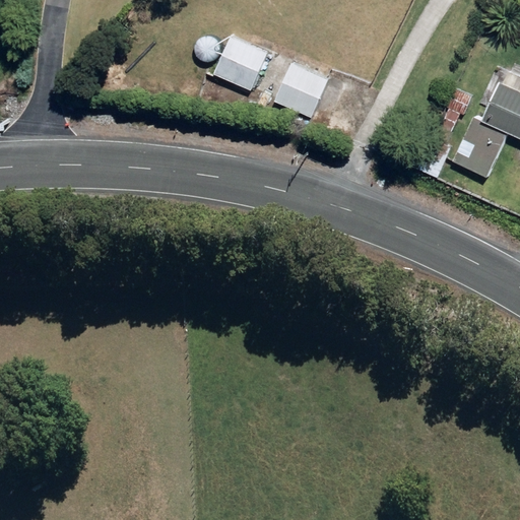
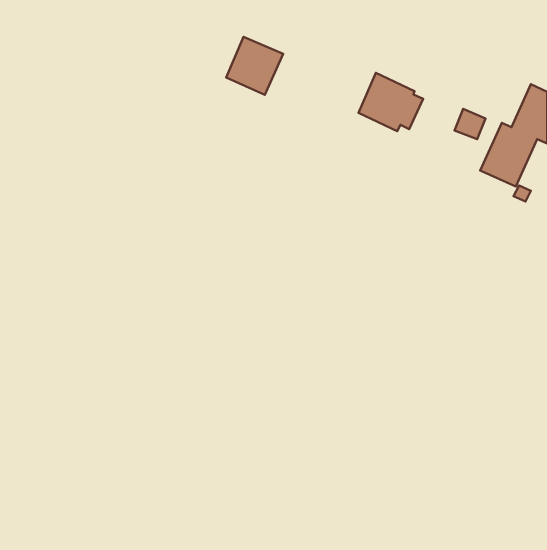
building: [274,63,335,118] -> [358,73,423,131]

